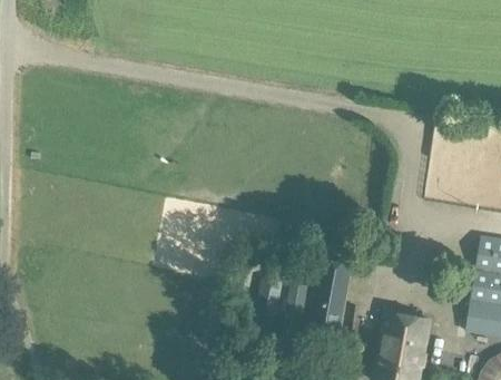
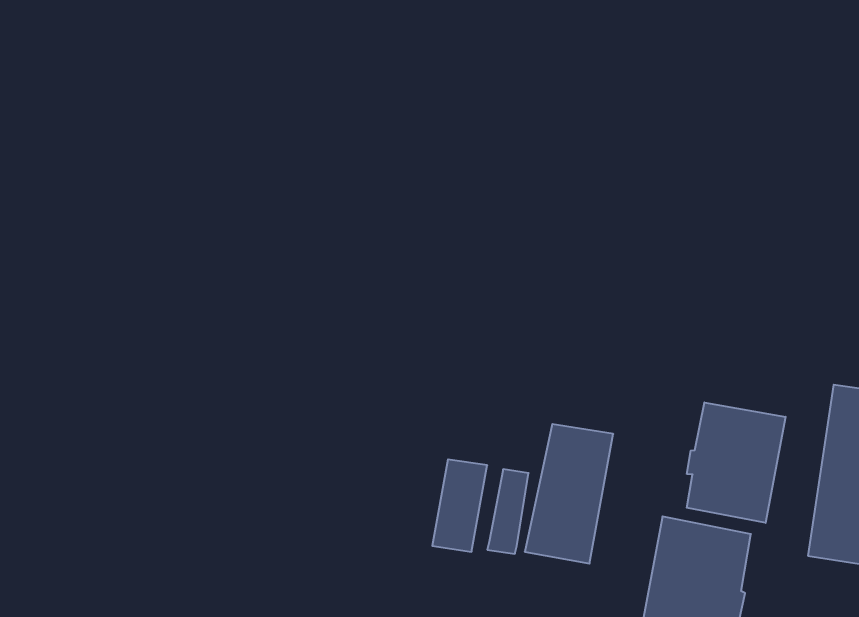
building: none -> [687,402,786,523]

